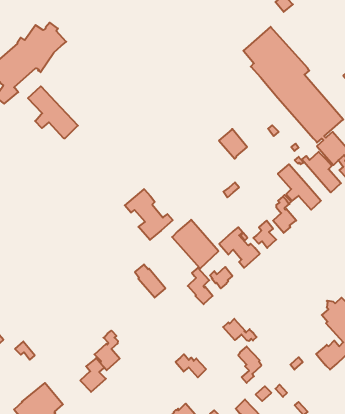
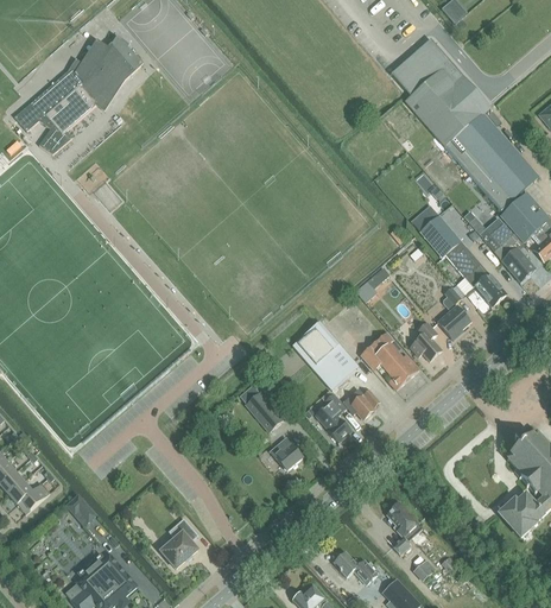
building: [28,86,78,138] -> none
building: [219,129,247,159] -> [419,215,460,258]
building: [125,189,173,240] -> none
building: none -> [267,437,302,471]
building: [223,319,257,341] -> none
building: [94,331,120,370] -> none
building: [176,354,206,377] -> [332,552,376,585]

